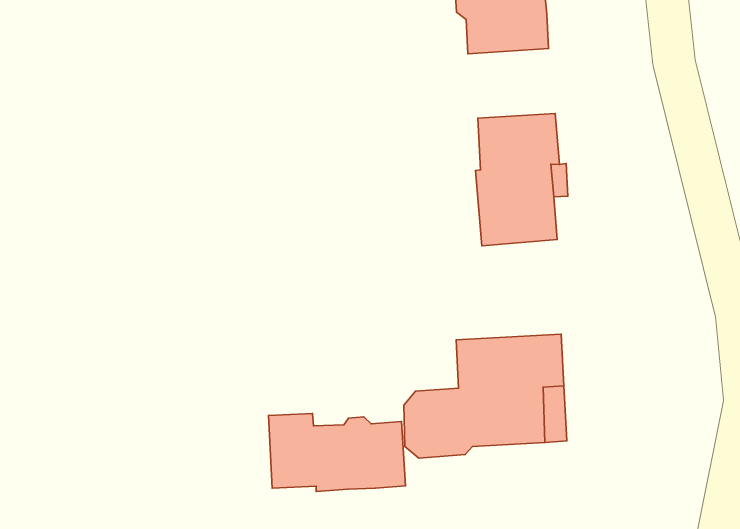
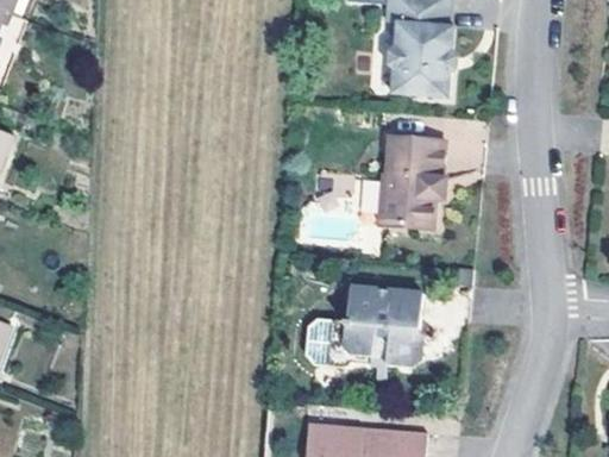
building: [268,413,406,492] -> none

